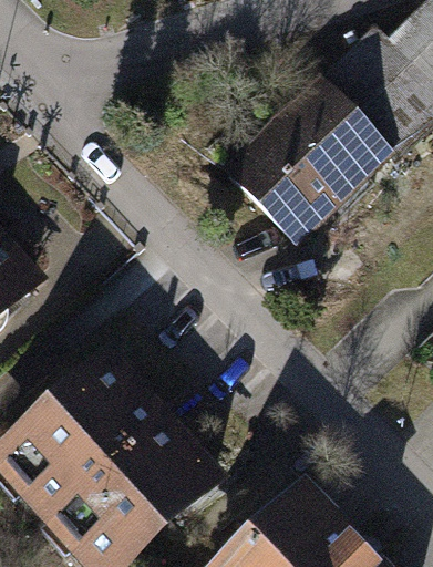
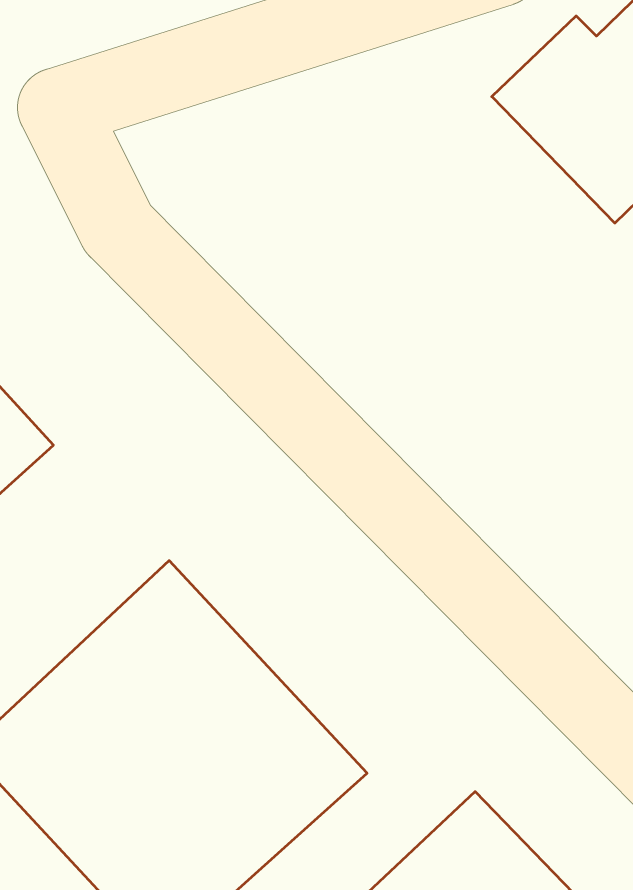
building: [220,76,390,246] -> none

